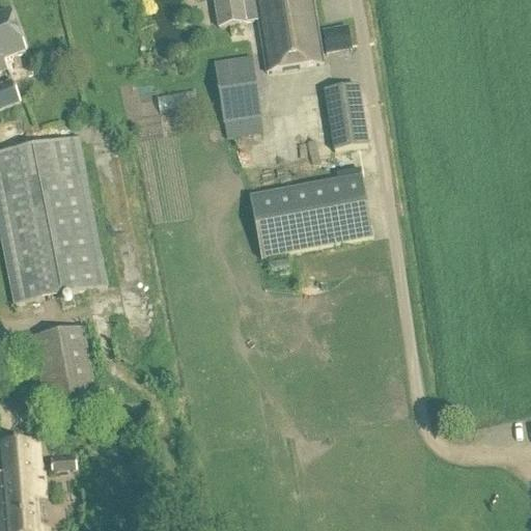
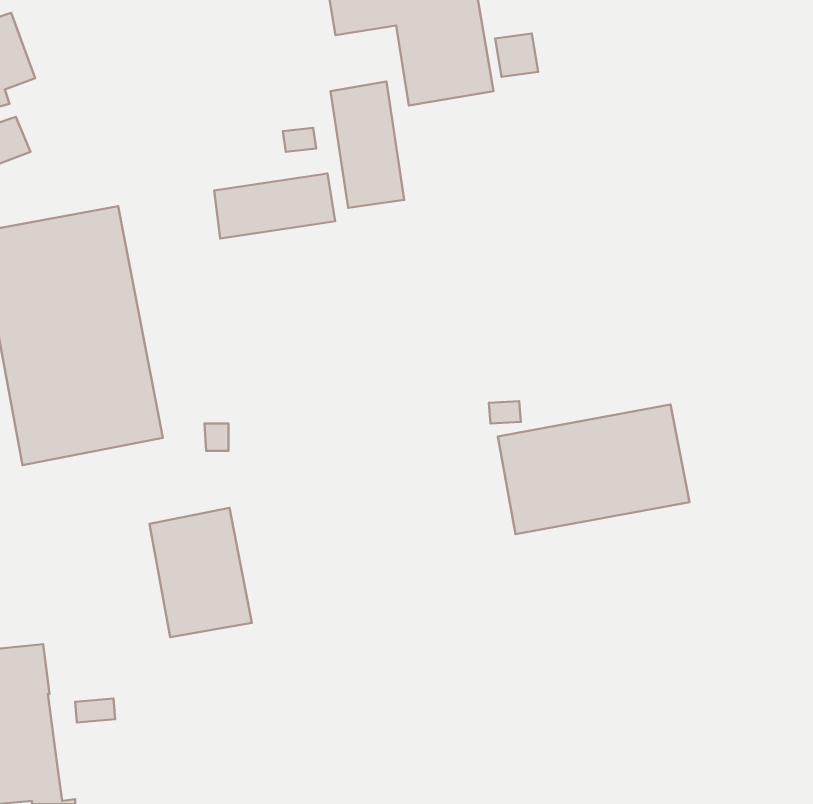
building: [323,82,367,148] -> none
building: none -> [214,174,335,238]
building: [248,172,372,256] -> [498,405,690,534]
building: [31,325,97,409] -> [150,508,252,637]

